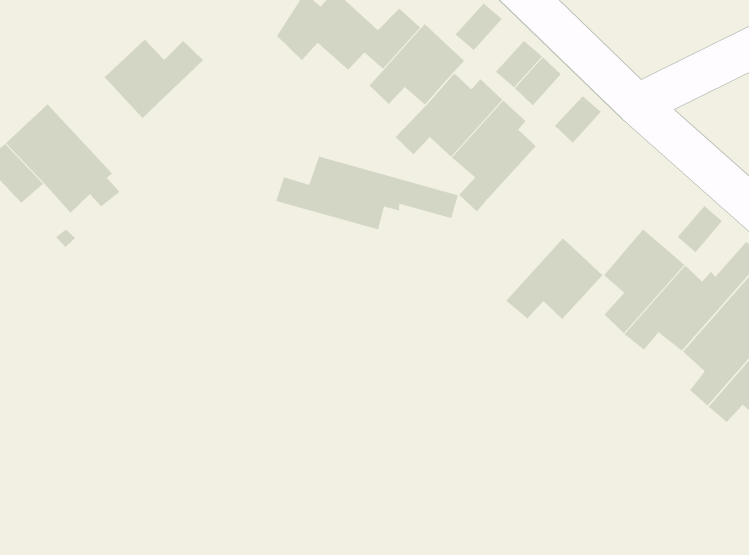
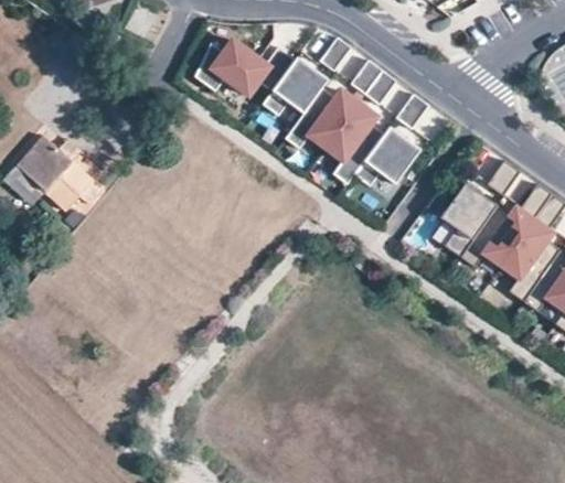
building: [104,39,204,119] -> none
building: [275,156,458,230] -> none
building: [506,237,603,320] -> [355,125,422,184]

